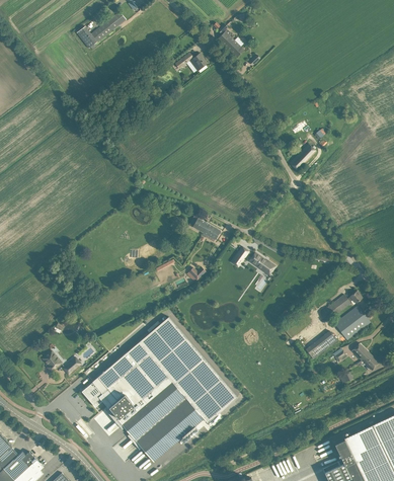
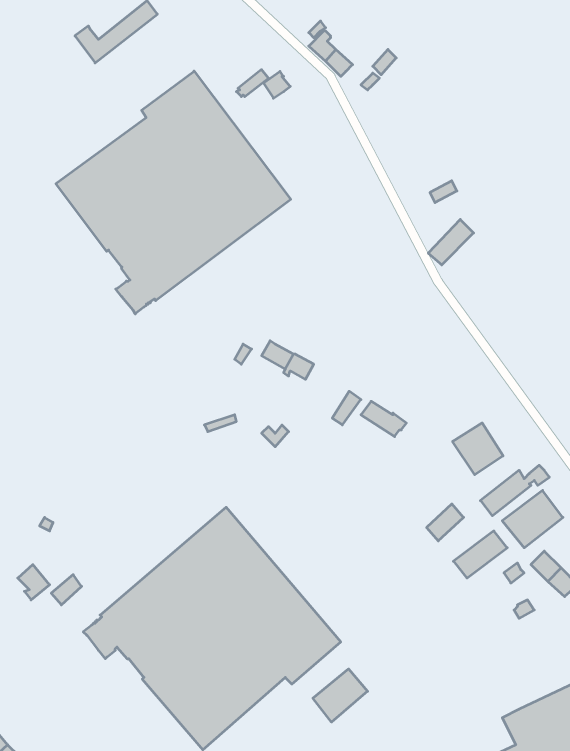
building: none -> [56,71,291,314]
building: none -> [453,423,503,475]
building: none -> [313,669,368,722]

